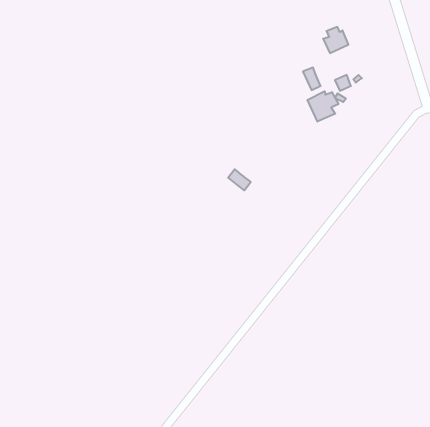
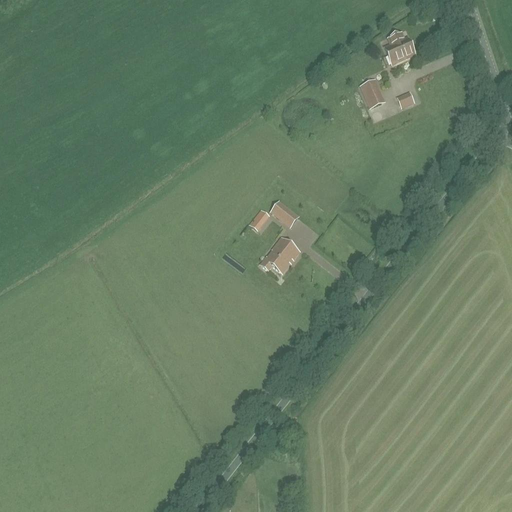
building: [308,91,338,122] -> none
building: none -> [260,237,299,272]

